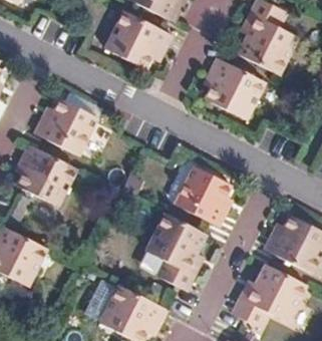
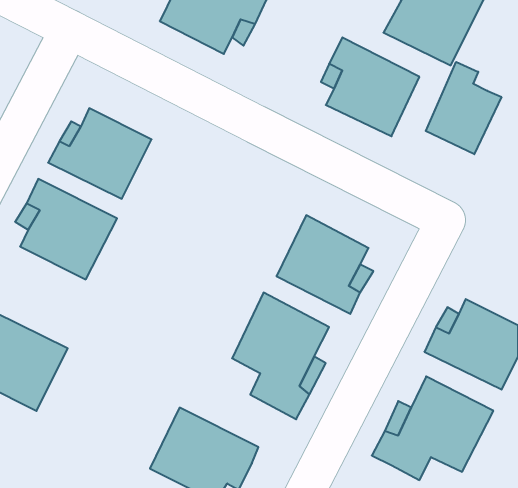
building: none -> [426,62,501,154]

